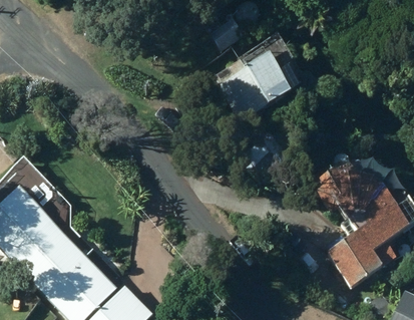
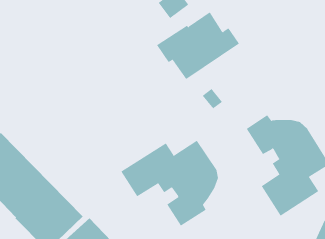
building: none -> [120,140,219,227]

